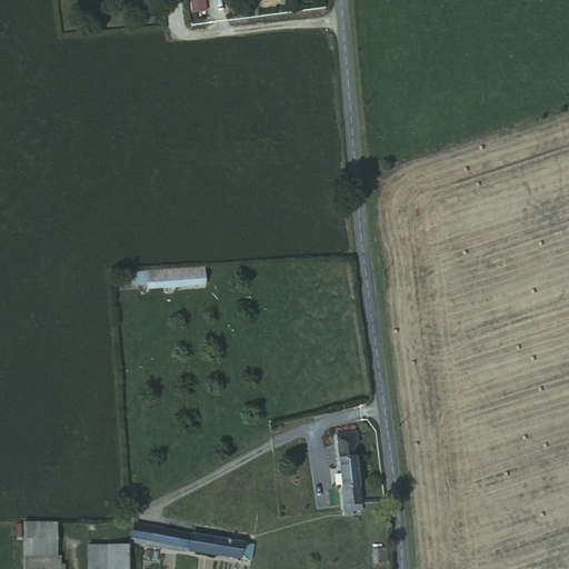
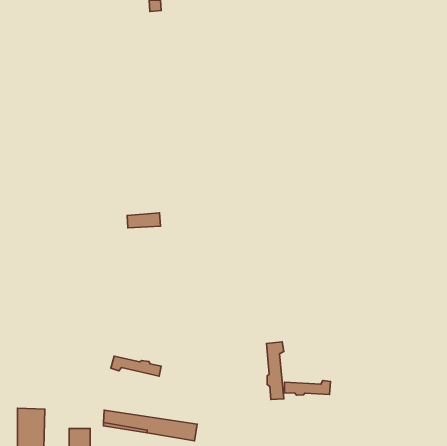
building: none -> [111,356,161,376]
building: none -> [284,380,330,395]

